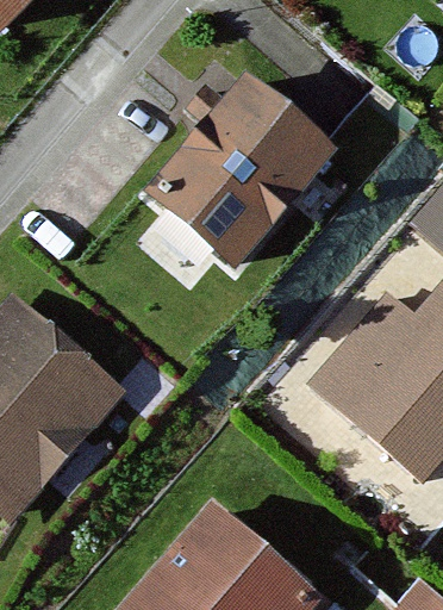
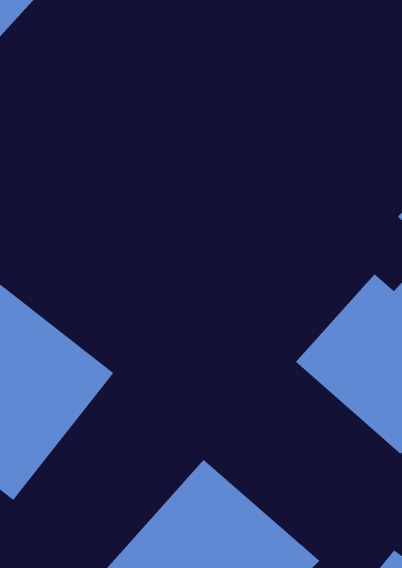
building: [145,70,341,269] -> none

